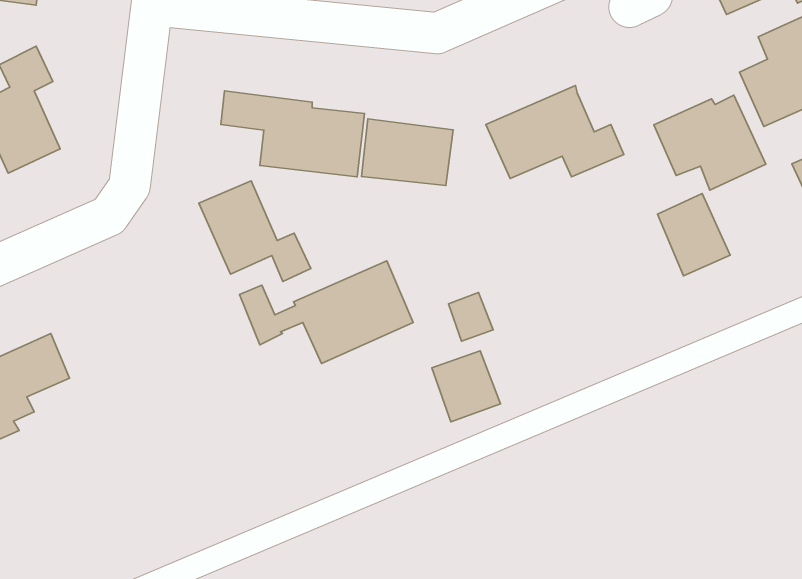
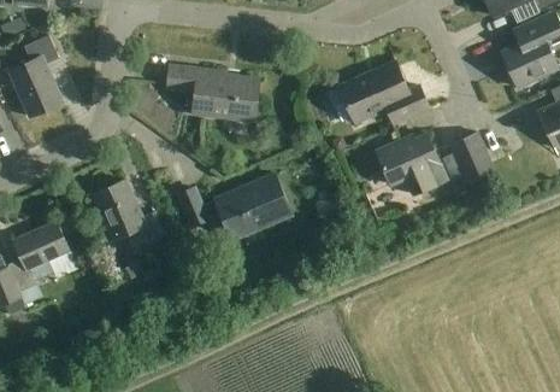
building: [654,95,766,190] -> [376,133,448,194]
building: [361,119,453,185] -> none
building: [199,181,311,282] -> [93,179,165,244]
building: [432,351,501,422] -> none

